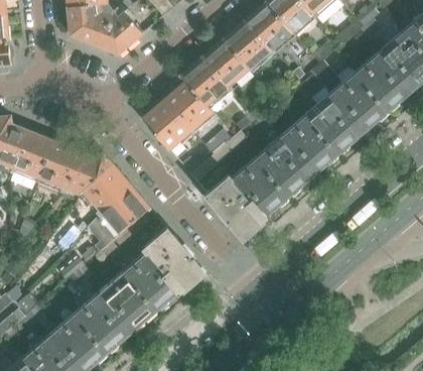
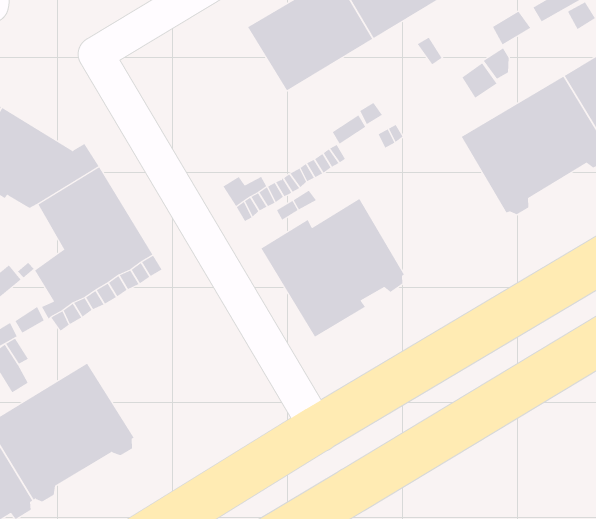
building: [144,76,210,149] -> none
building: [256,116,336,196] -> none
building: [123,230,204,310] -> none

